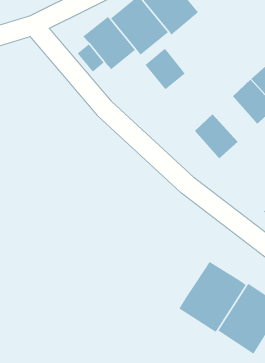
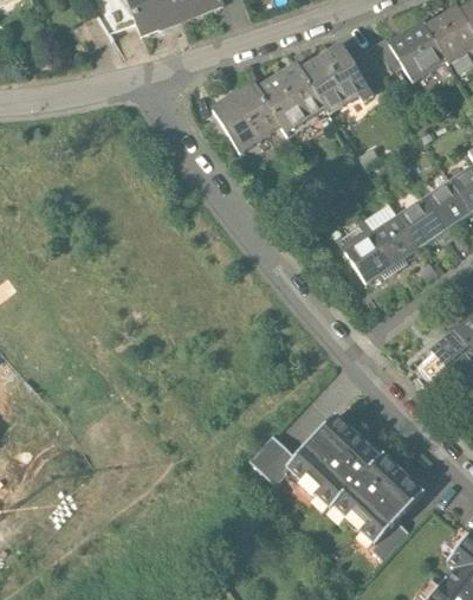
building: [145,48,185,90] -> none
building: none -> [369,206,425,266]
building: none -> [248,436,299,486]

